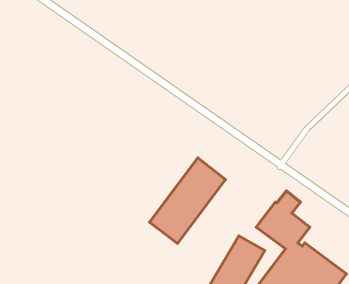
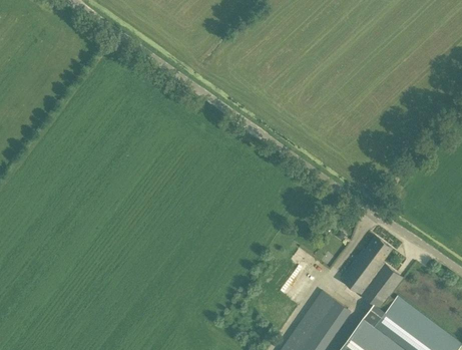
building: [150,158,226,244] -> none

